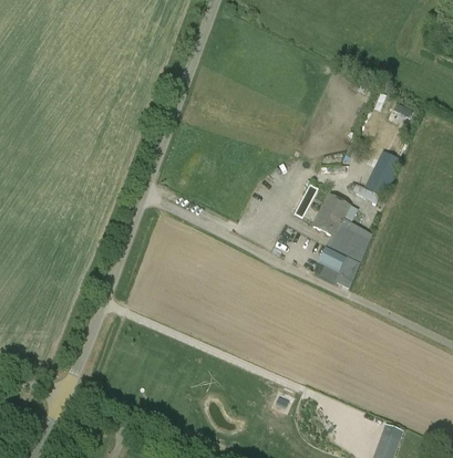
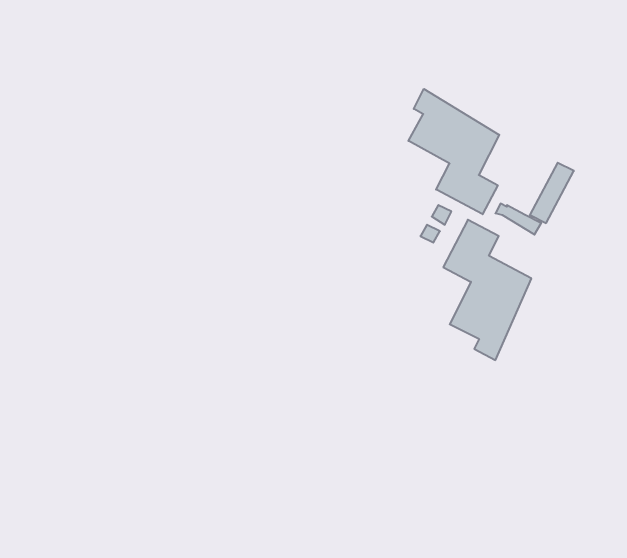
building: none -> [408,89,499,214]

